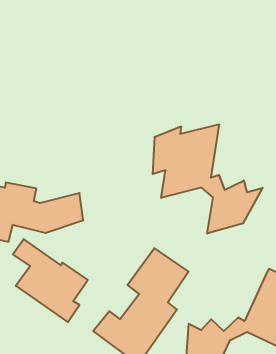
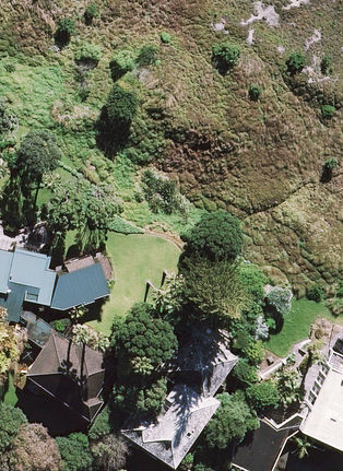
building: [153,124,263,234] -> none

